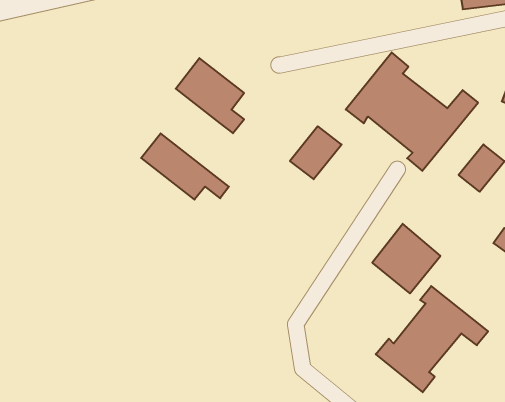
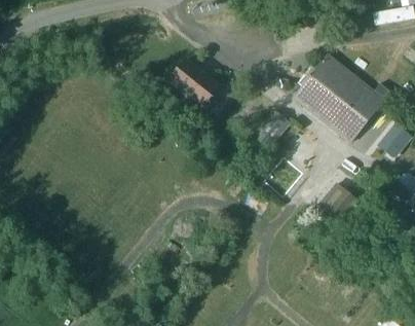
building: [141,133,229,200] -> none
building: [376,286,488,392] -> none

